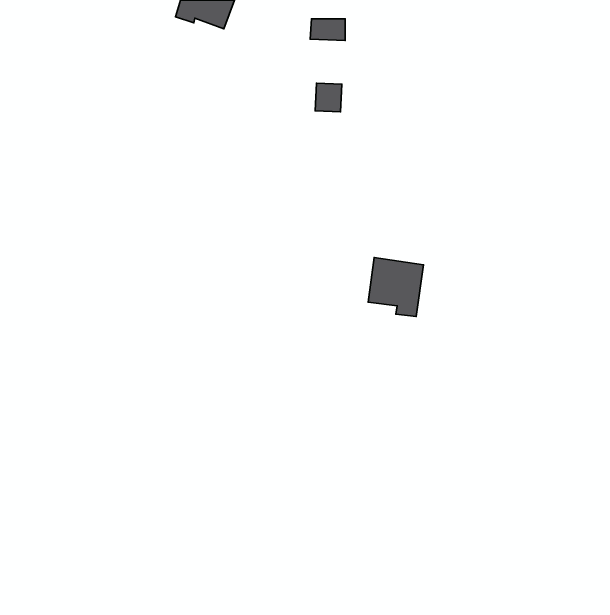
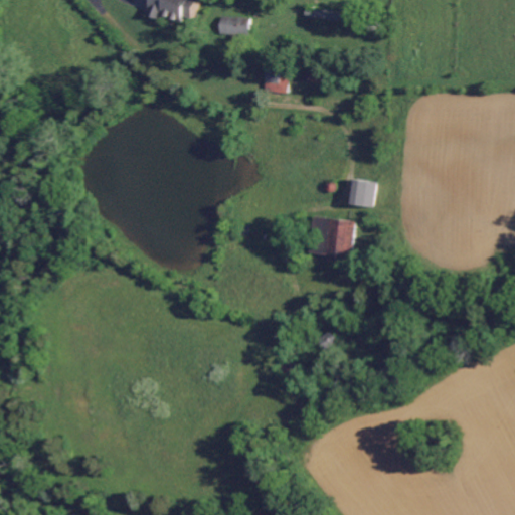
building: [310,19,345,40] -> [218,17,247,35]
building: none -> [347,179,374,206]

